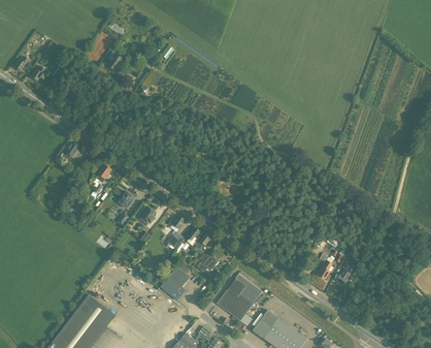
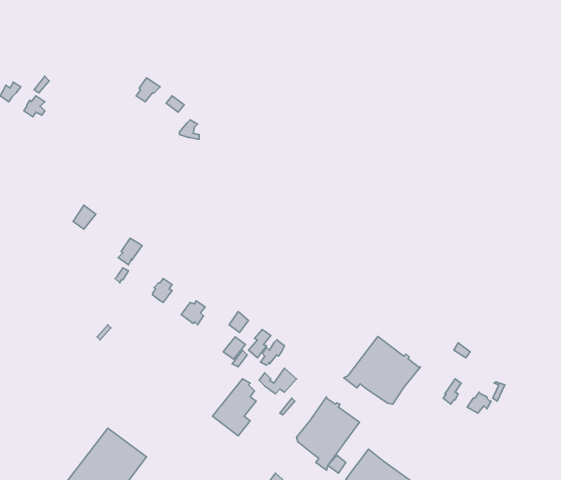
building: none -> [344,336,420,404]

